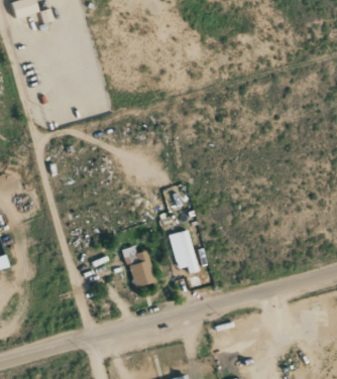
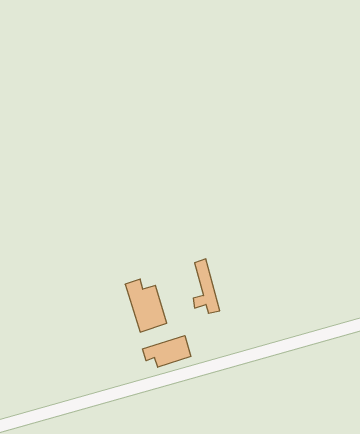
building: none -> [142,336,191,367]

